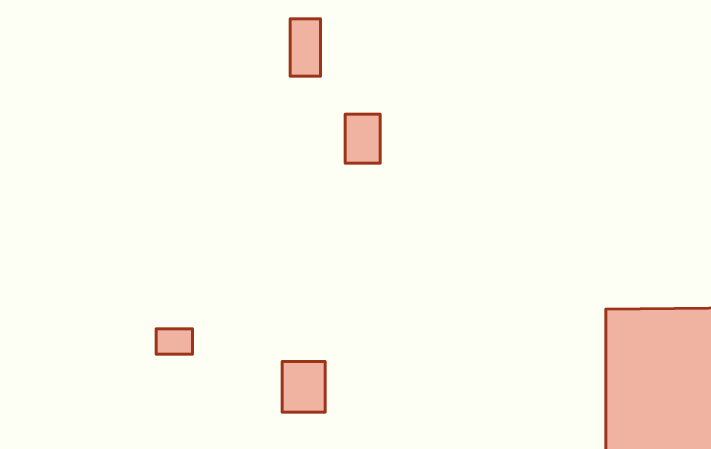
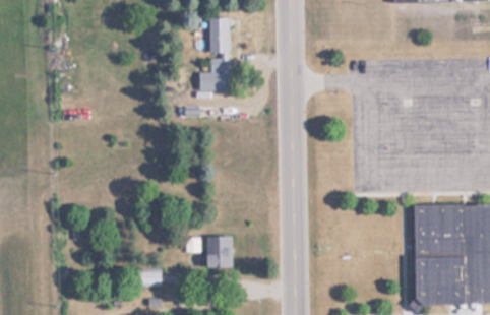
building: [345,114,380,163] -> [209,58,232,89]
building: [156,329,193,354] -> [141,270,165,287]

